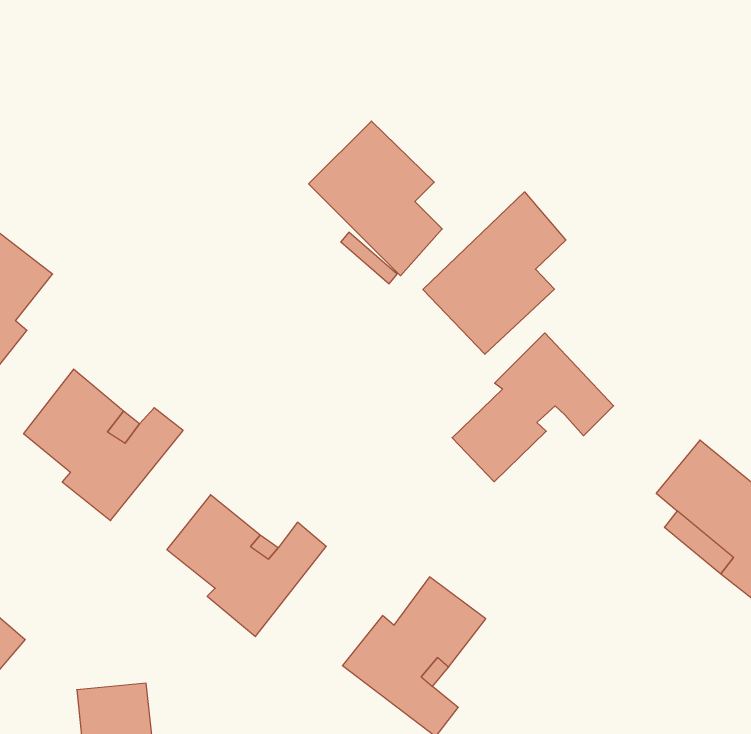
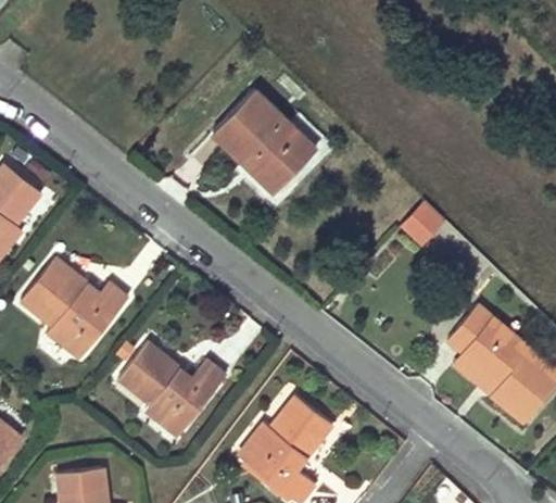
building: [423,192,566,354] -> none
building: none -> [399,199,447,247]
building: [452,333,614,482] -> none

